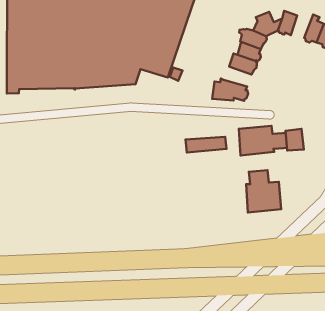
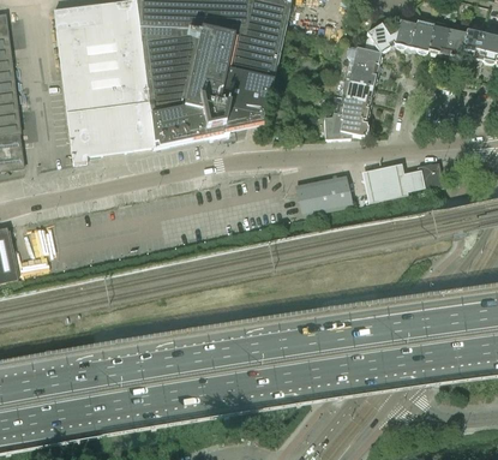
building: none -> [410,18,434,54]
building: none -> [331,97,368,119]
building: [246,170,281,213] -> none

